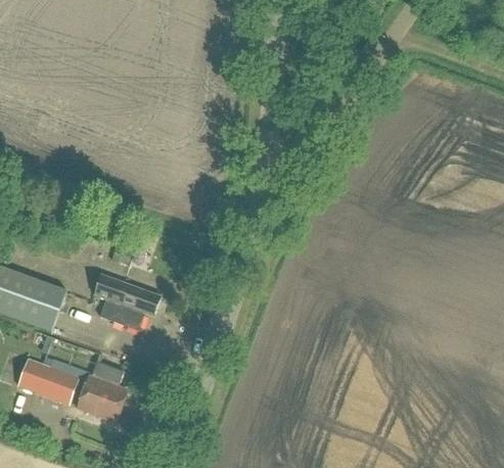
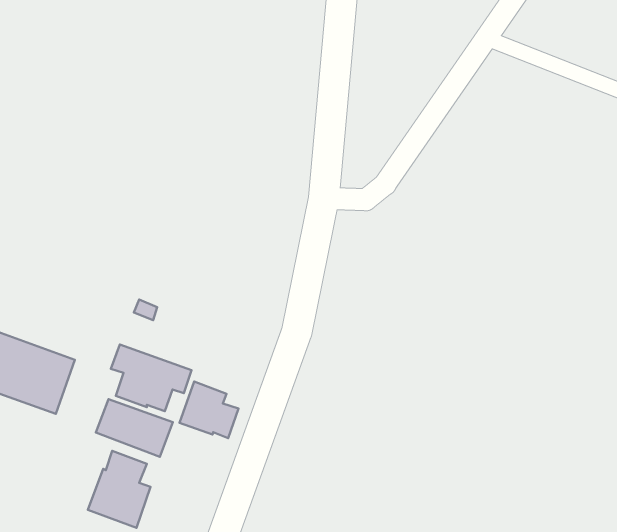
building: none -> [180,382,239,438]
building: [18,359,80,405] -> [96,399,173,457]

